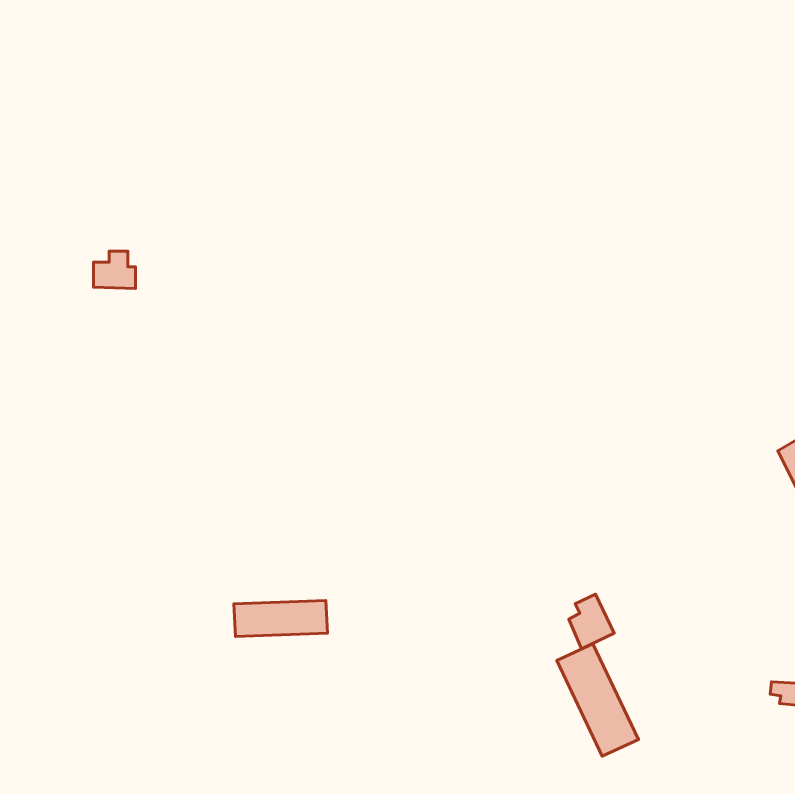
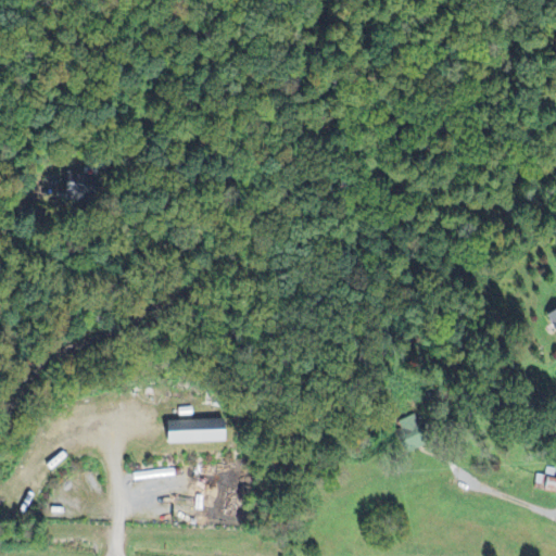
building: [557,644,638,756] -> none

